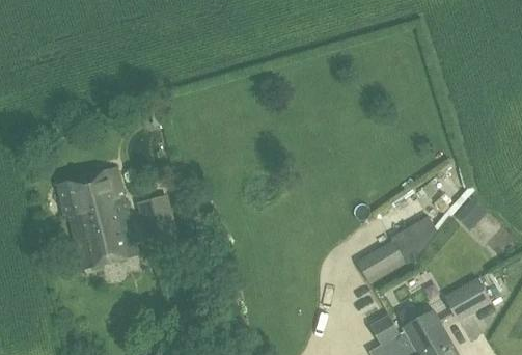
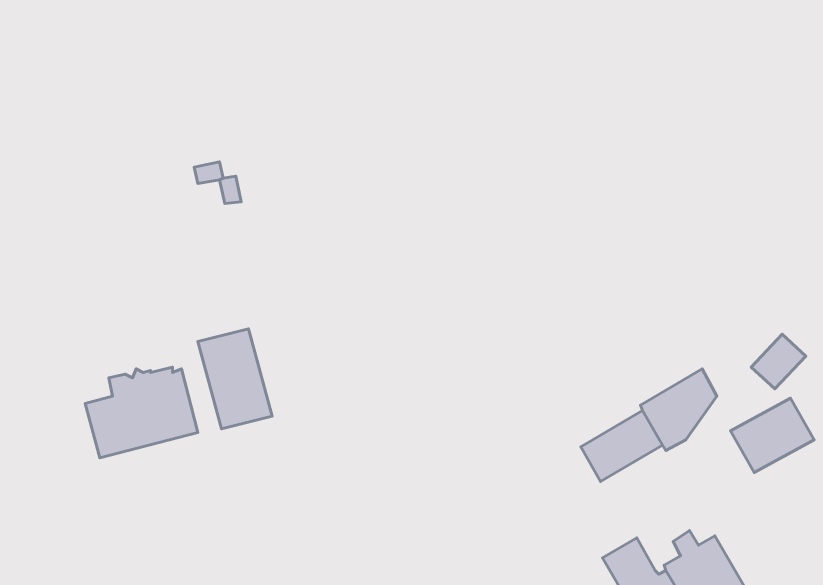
building: [56,169,128,238] -> none
building: [442,279,490,322] -> [731,398,814,473]

